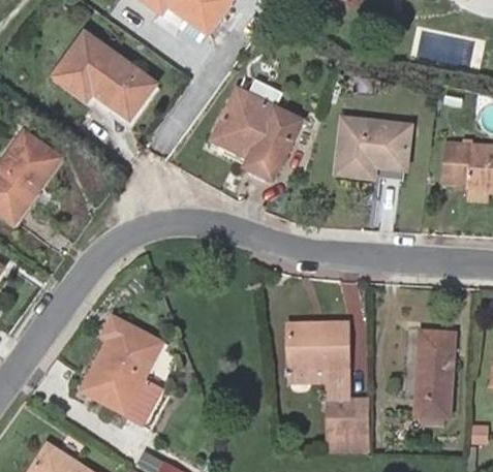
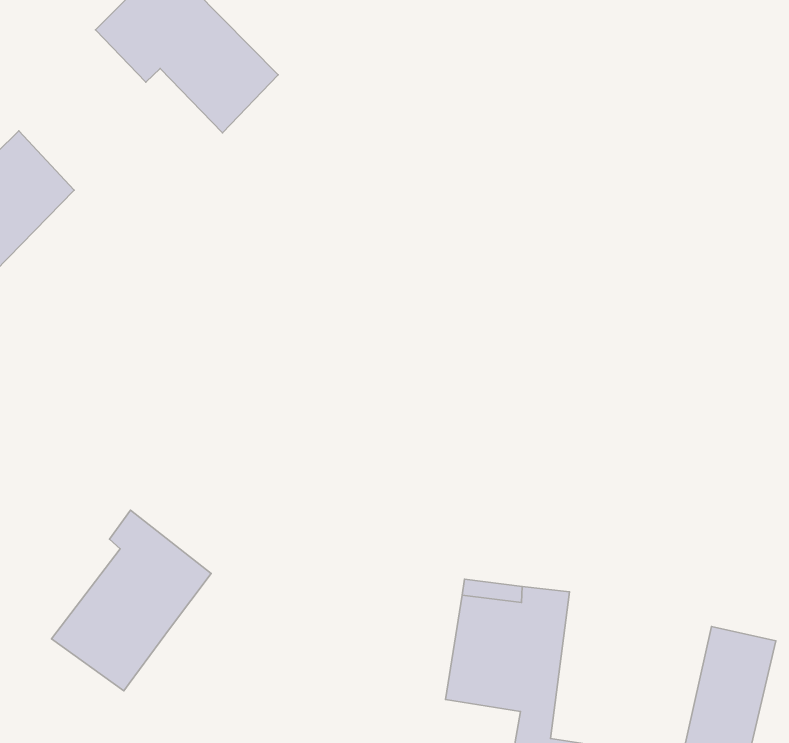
building: [214,89,301,179] -> none
building: [337,120,409,179] -> none
building: [127,374,167,418] -> none

